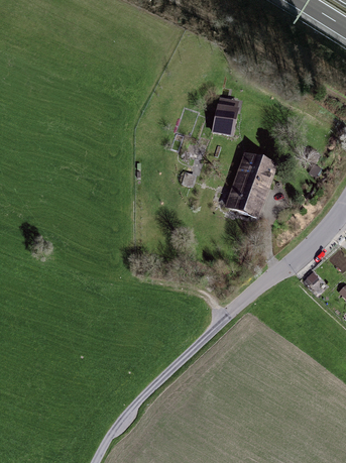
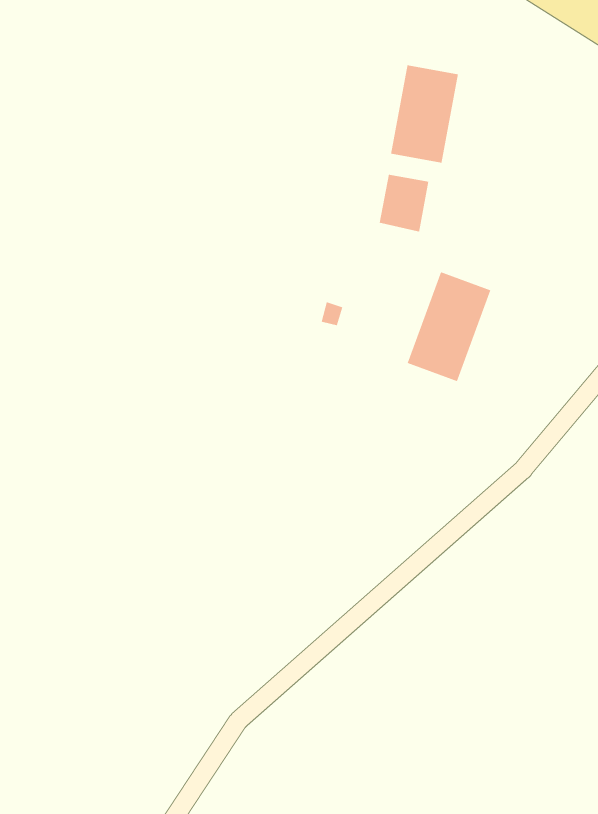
building: none -> [391,64,458,164]

